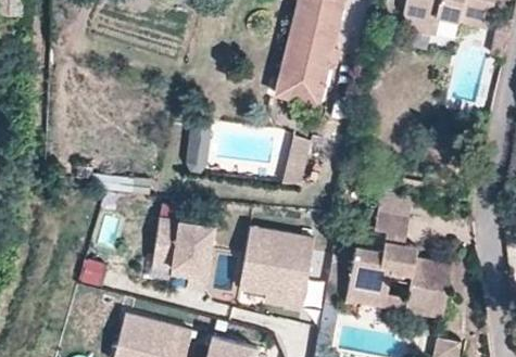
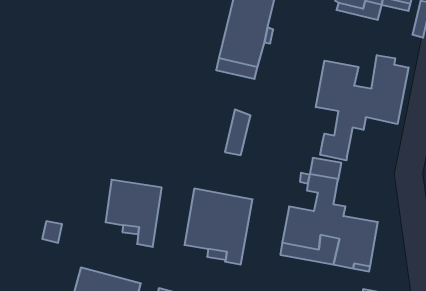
building: none -> [316,55,409,160]
building: [187,120,213,176] -> none

